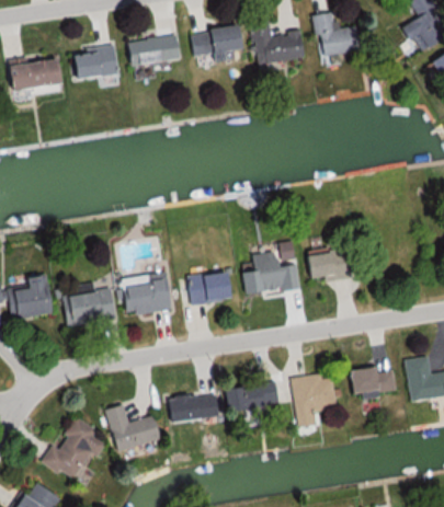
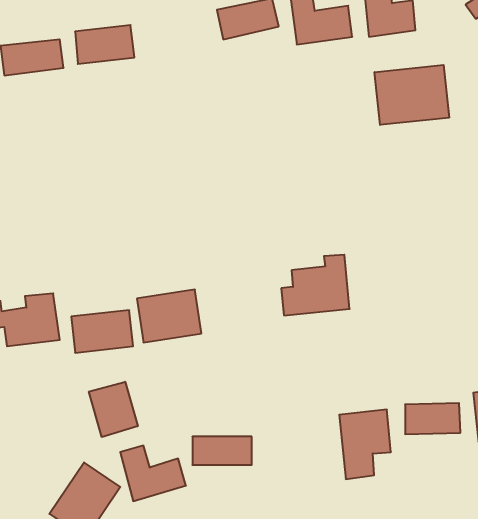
building: [127,35,182,65] -> none
building: none -> [375,65,449,125]
building: [305,250,348,280] -> none
building: [187,273,228,304] -> none
building: none -> [89,382,138,437]
building: [221,382,281,412] -> none

